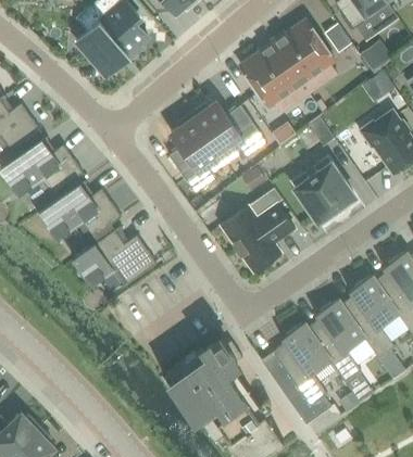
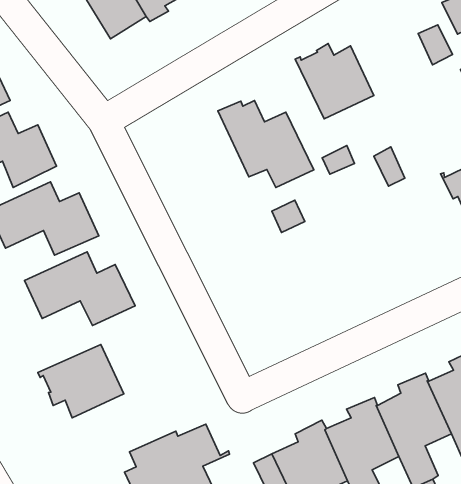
building: [278,21,334,84] -> none
building: [168,114,222,194] -> none
building: [298,167,354,223] -> none
building: [221,189,295,272] -> none
building: none -> [38,345,124,418]

